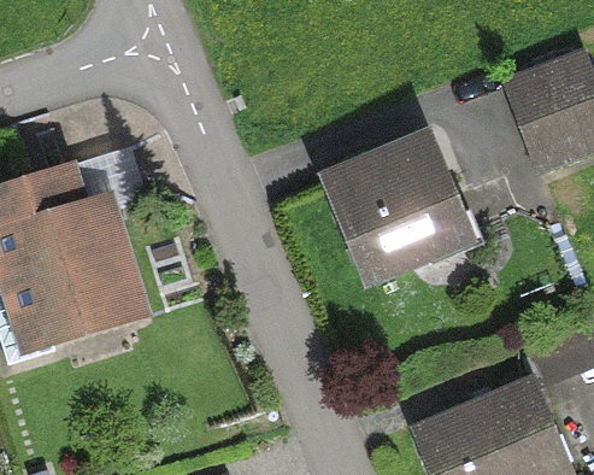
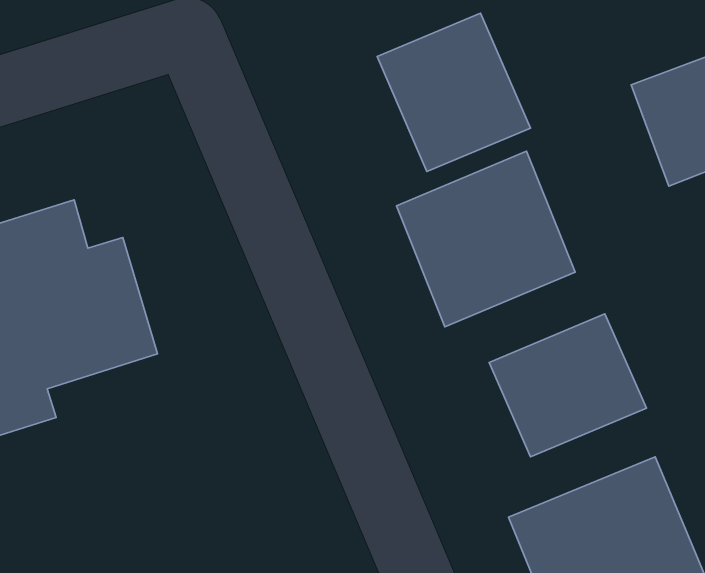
building: none -> [377,13,530,171]
building: none -> [489,314,646,457]

